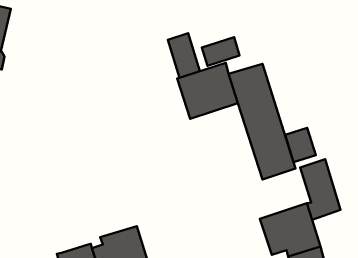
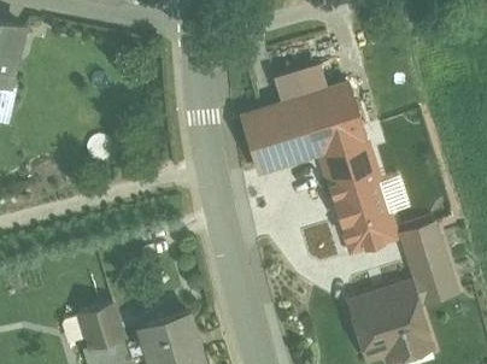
building: [168,33,200,78] -> none
building: [285,128,316,162] -> none
building: none -> [77,300,123,346]

